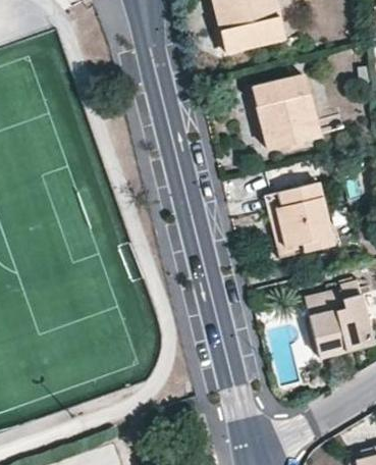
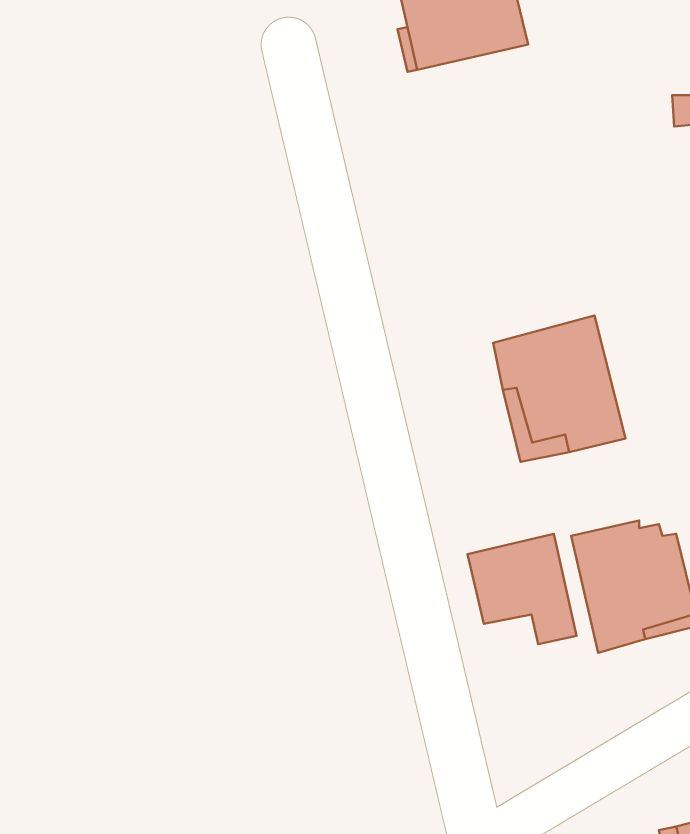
building: [254,74,320,148] -> none
building: none -> [467,534,576,644]

